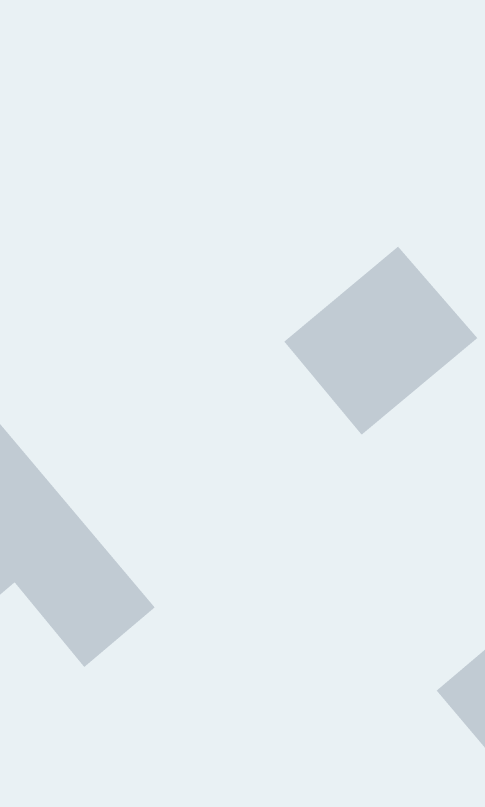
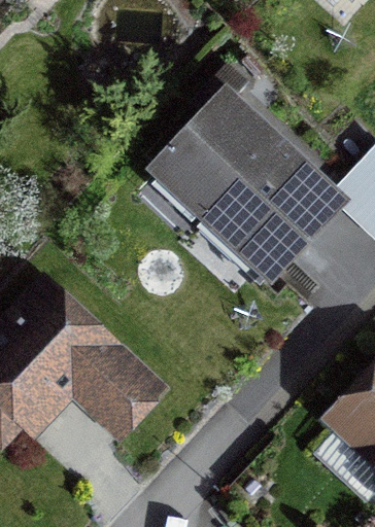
building: none -> [162,104,279,222]

